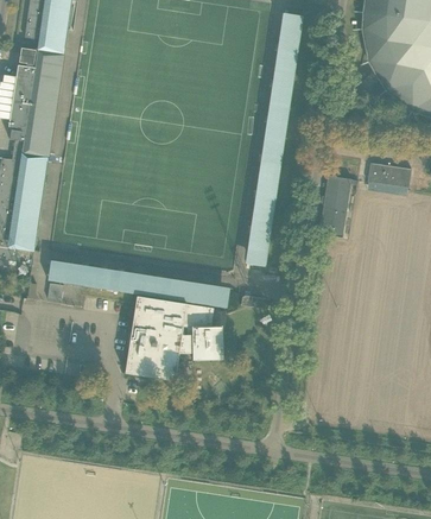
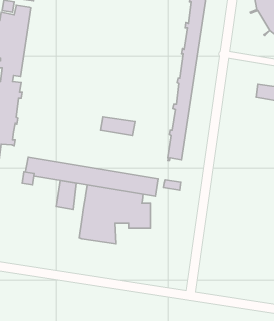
building: [318,171,351,234] -> none
building: none -> [100,117,135,136]
building: none -> [56,180,76,209]

